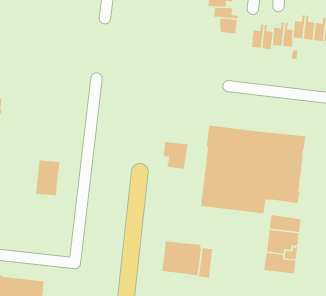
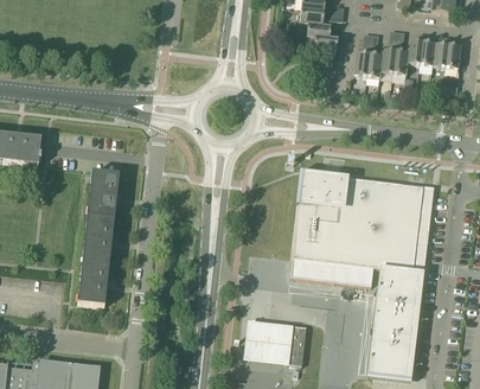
building: none -> [88,170,120,217]
building: [163,141,189,170] -> none
building: none -> [78,259,110,305]
building: none -> [379,266,421,289]
building: none -> [369,355,410,380]

